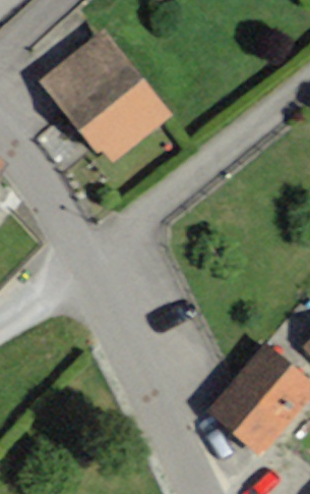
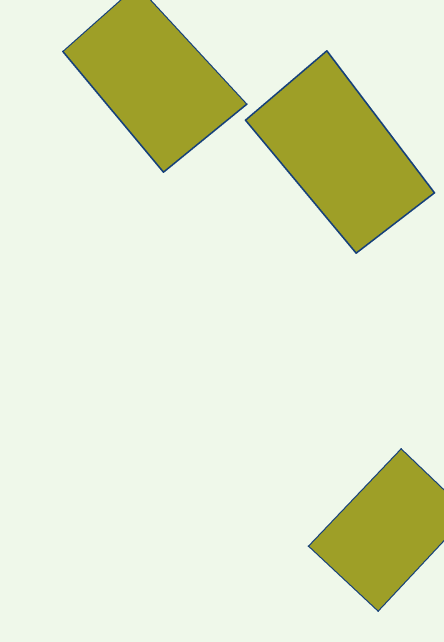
building: none -> [245,51,435,253]

